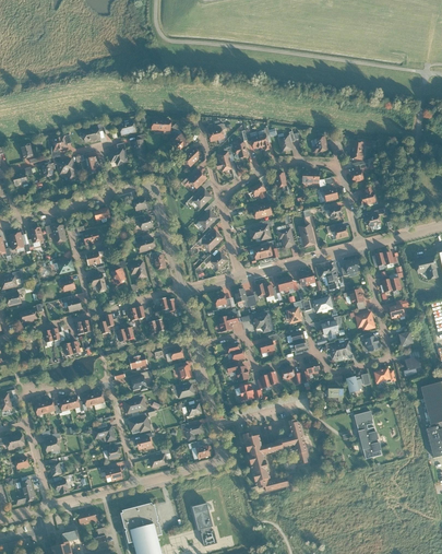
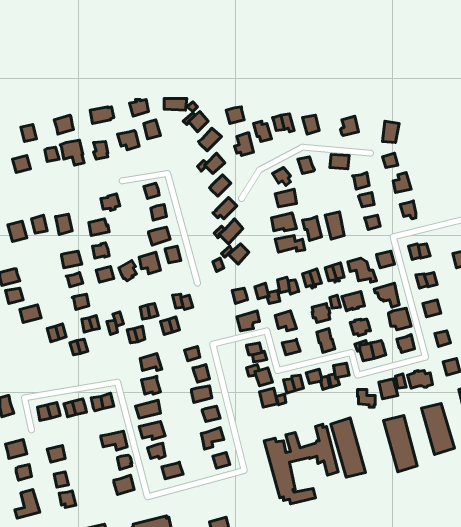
building: none -> [422,403,455,454]
building: none -> [331,418,365,477]

